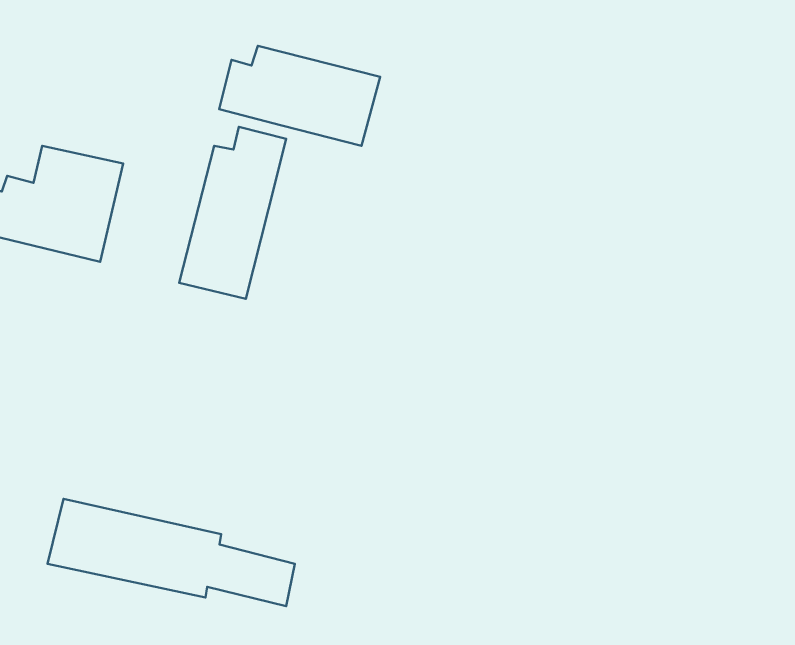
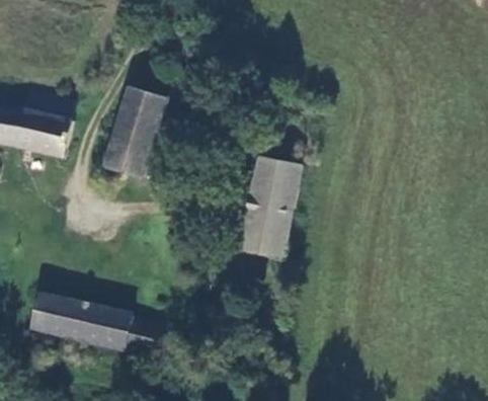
building: [219,46,380,146] -> none
building: none -> [237,156,300,257]

